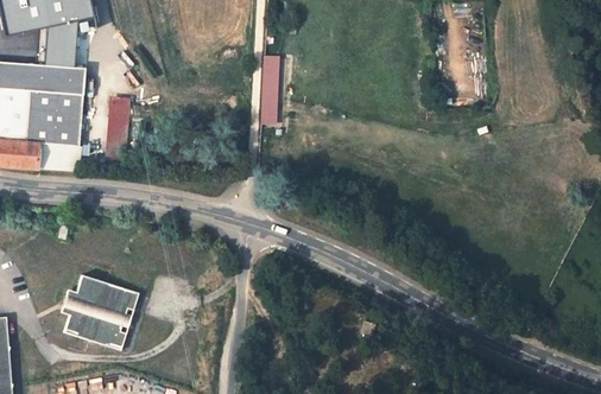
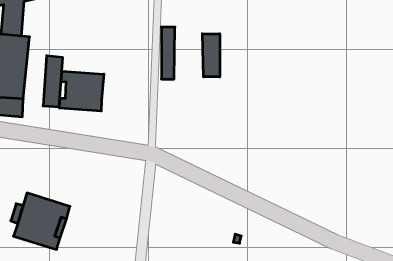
building: none -> [202,34,220,77]
building: none -> [59,71,104,111]

